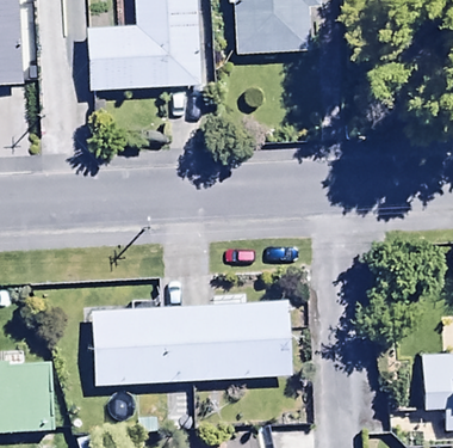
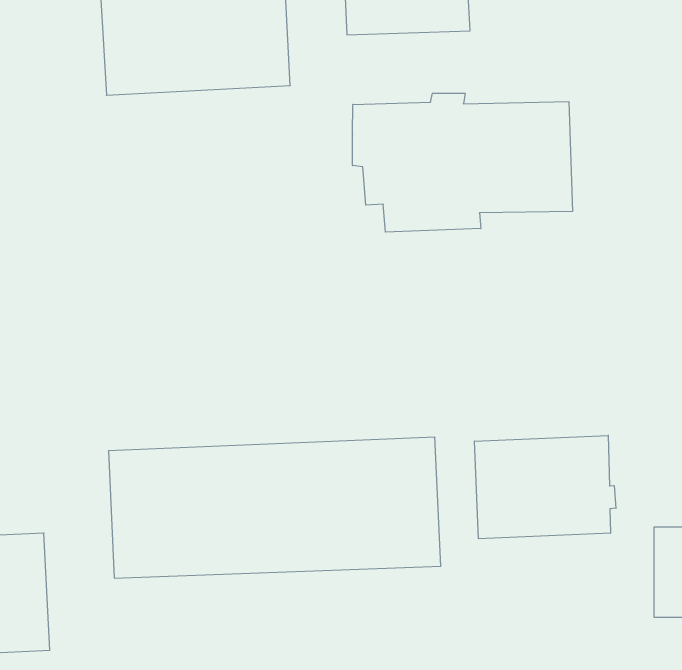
building: none -> [353,93,572,232]
building: none -> [475,435,616,539]

